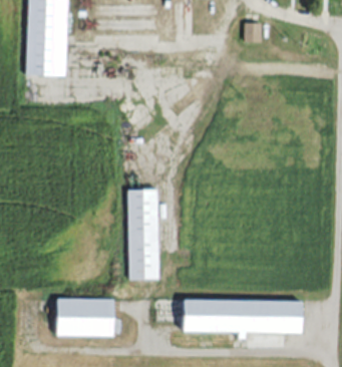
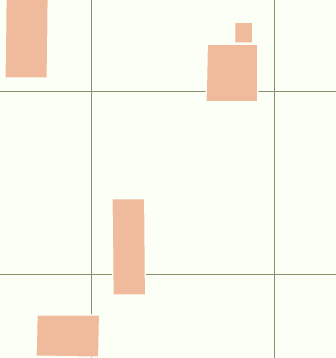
building: none -> [206,44,257,102]
building: [184,298,304,333] -> none

